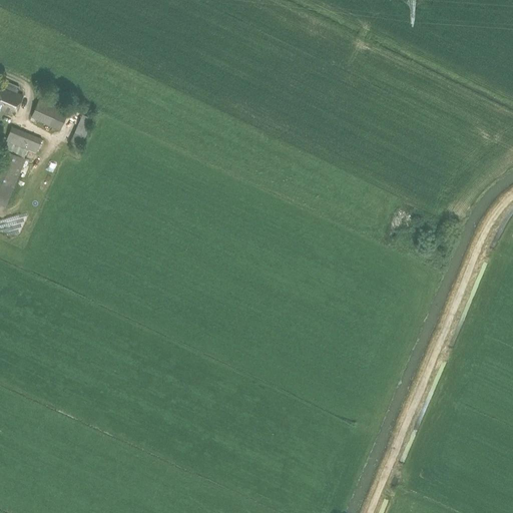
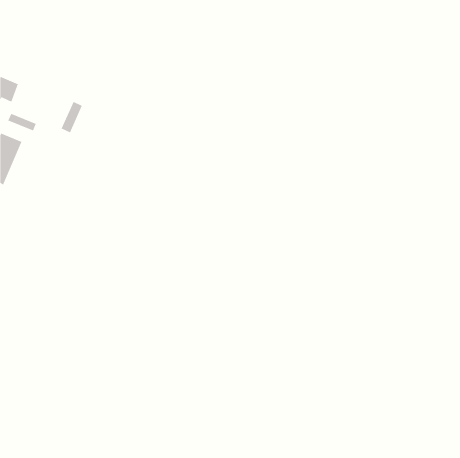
building: [28,100,68,133] -> none

